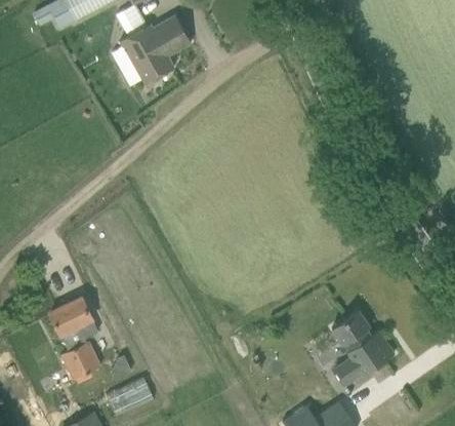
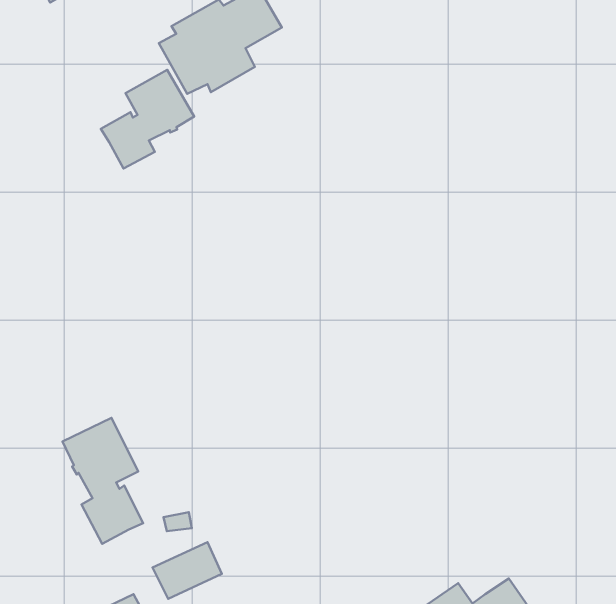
building: none -> [101,70,194,169]
building: [331,311,394,386] -> none

